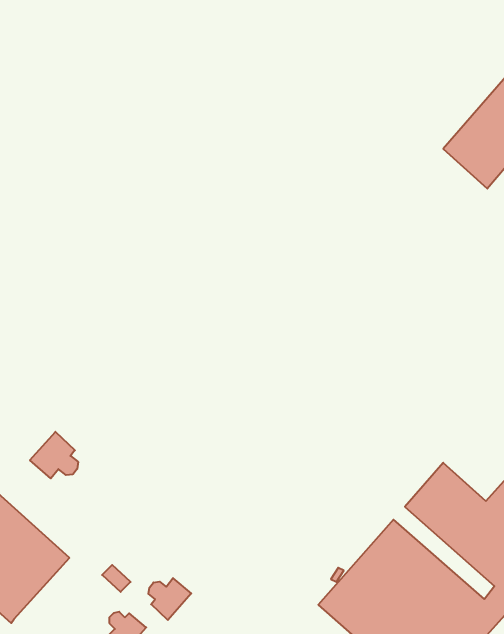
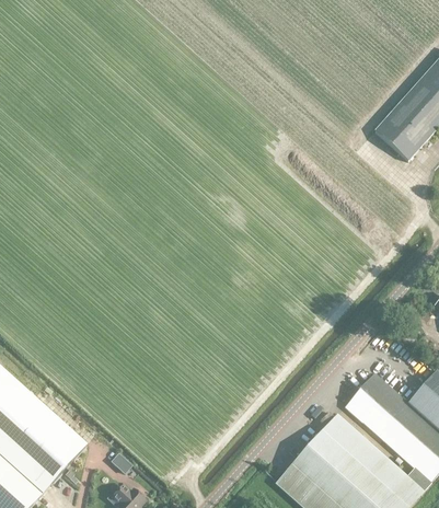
building: [30,432,78,478] -> none
building: [148,578,191,620] -> none

